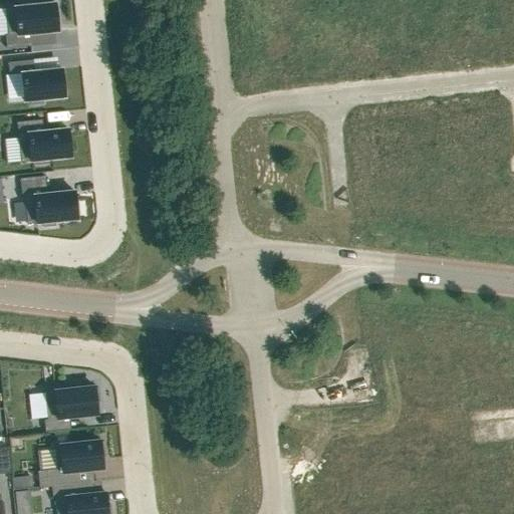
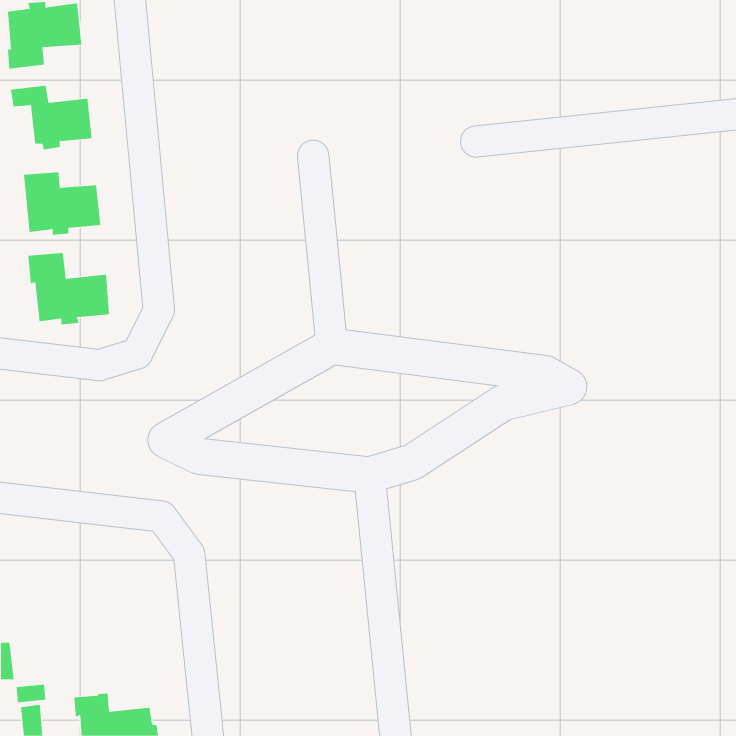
building: [44,386,100,432] -> none
building: [38,440,105,487] -> none

